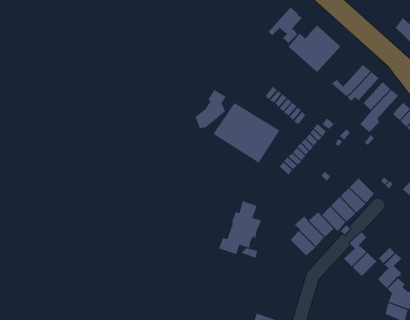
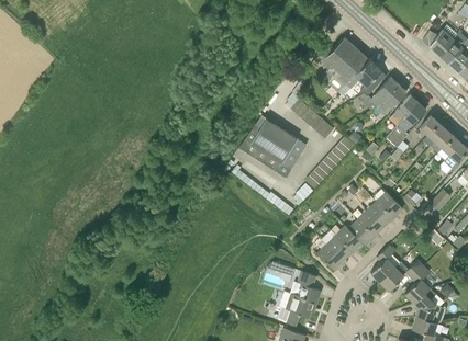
building: [268,7,303,44] -> [346,59,381,96]
building: [195,86,226,129] -> none
building: [218,200,262,255] -> [277,271,321,326]

